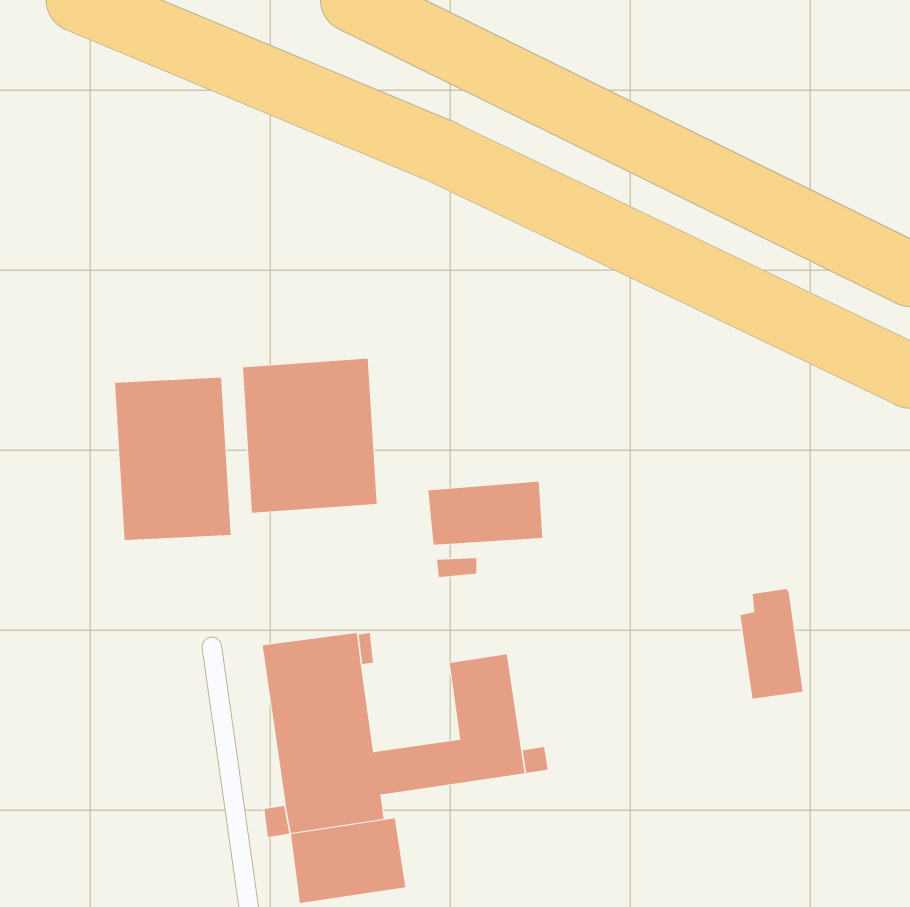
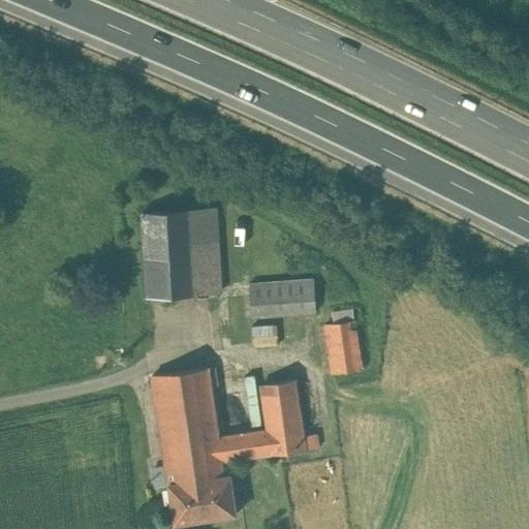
building: [115,377,231,541] -> none
building: [739,589,803,699] -> [324,311,362,375]

